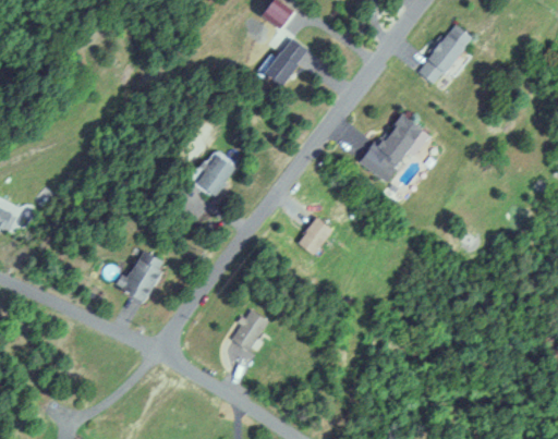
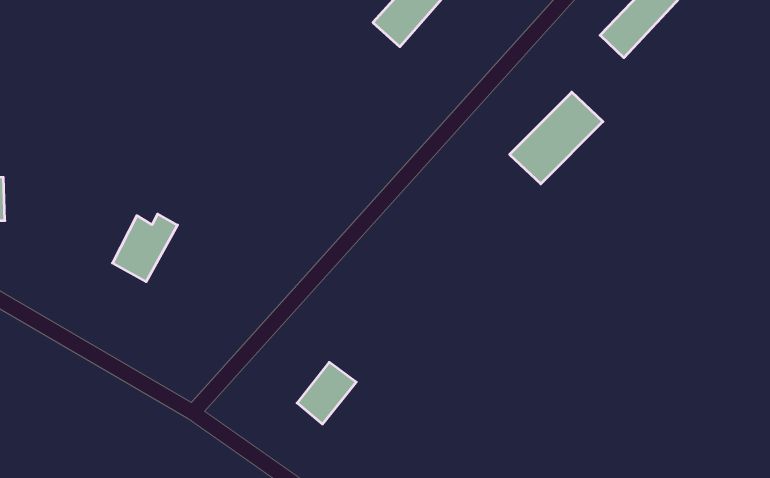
building: [191,150,239,197] -> none
building: [298,218,333,256] -> none
building: [122,256,165,303] -> [112,214,178,282]

